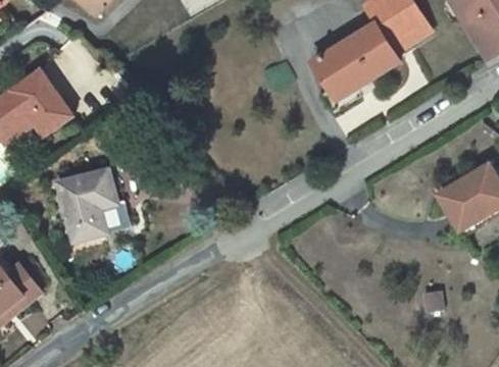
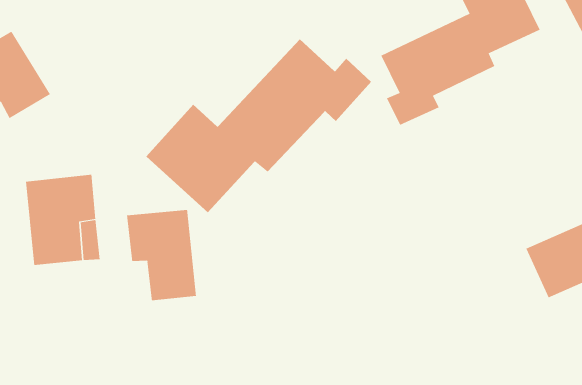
building: none -> [146,38,372,213]
building: none -> [126,209,196,301]

